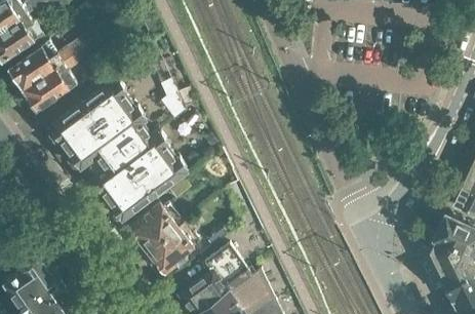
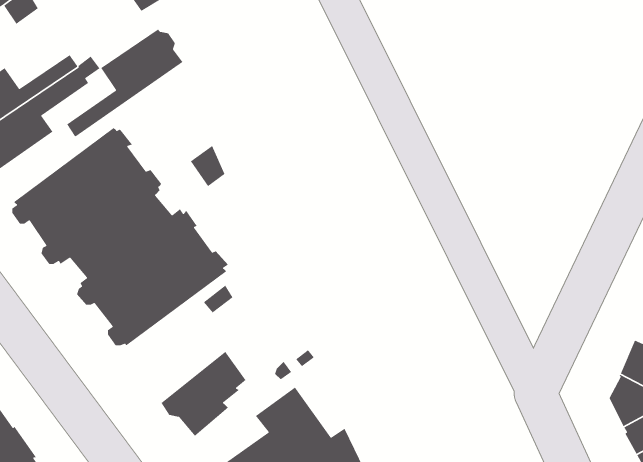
building: none -> [66,28,183,137]
building: [129,205,186,257] -> none

